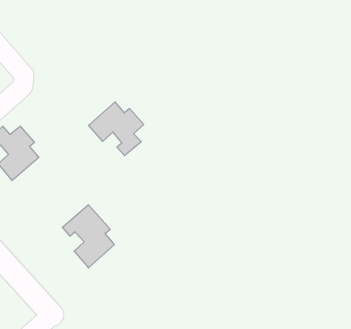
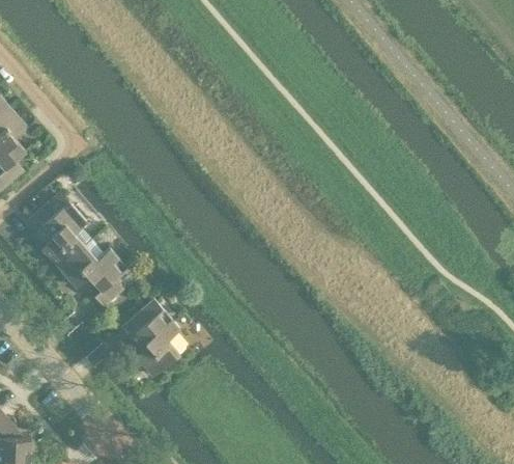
building: [88,102,144,156] -> [57,240,125,306]

